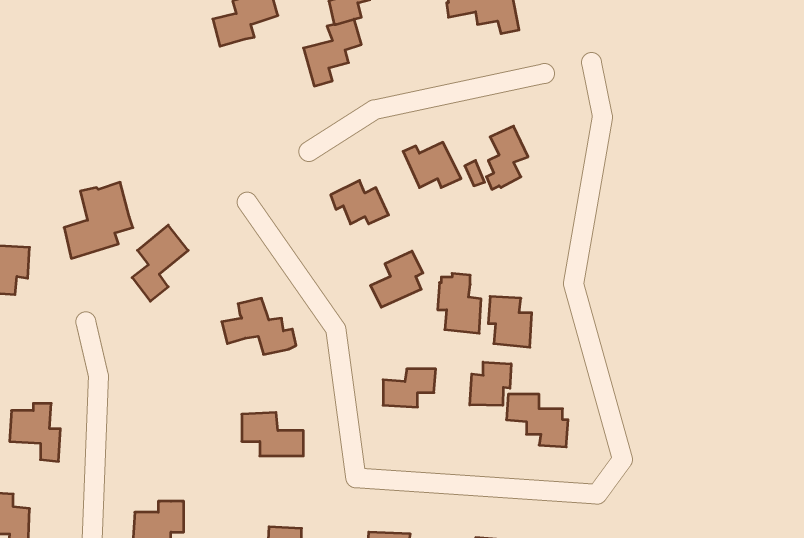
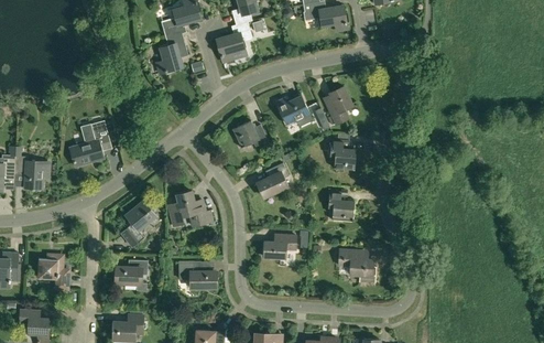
building: none -> [156,33,187,73]
building: [132,225,188,301] -> [121,200,155,246]
building: [438,273,481,333] -> [329,132,356,169]
building: [470,362,511,405] -> none
building: none -> [115,259,148,291]

